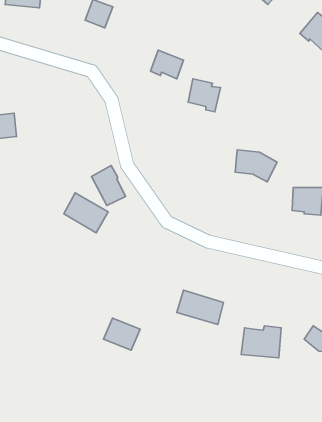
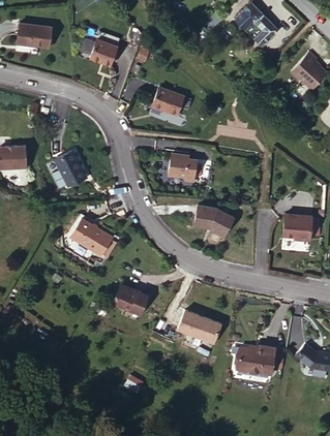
building: [188,79,220,112] -> [168,153,198,184]
building: [235,150,277,182] -> [196,206,235,236]
building: [91,165,126,205] -> [55,150,87,187]
building: [104,318,140,350] -> [113,285,147,315]

